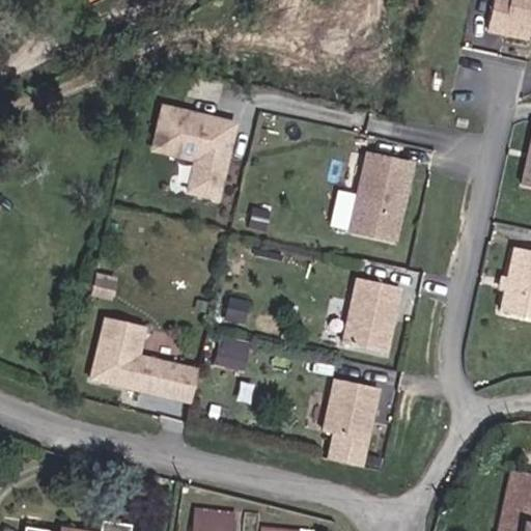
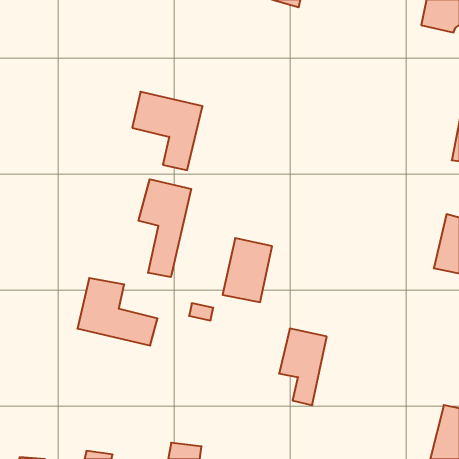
building: [351,155,410,239] -> none
building: none -> [139,179,191,277]
building: [342,278,399,352] -> [223,238,272,302]

